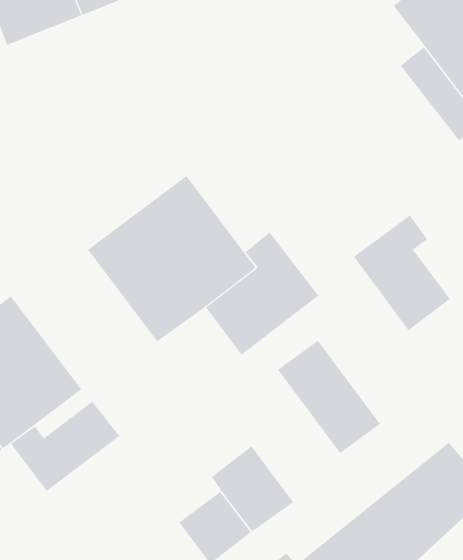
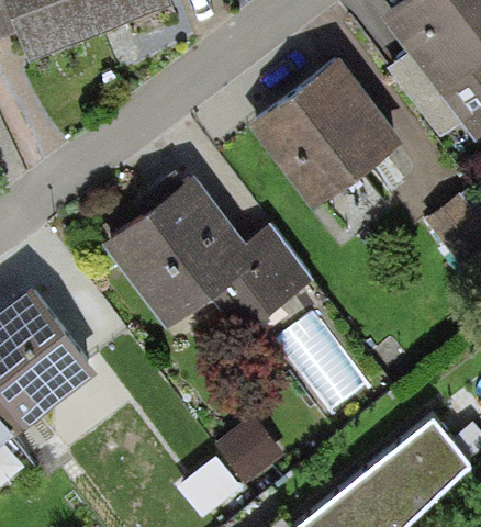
building: none -> [249,57,405,210]
building: [353,215,451,331] -> none
building: [10,401,120,492] -> none

